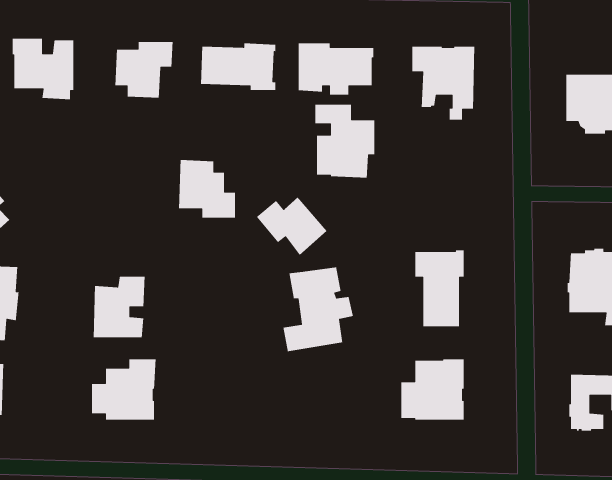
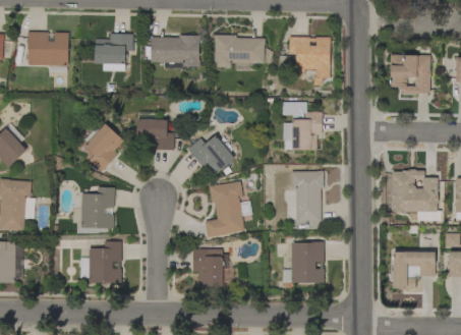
building: [315,104,375,179] -> [282,102,322,151]
building: none -> [84,123,124,171]
building: none -> [192,248,233,286]

